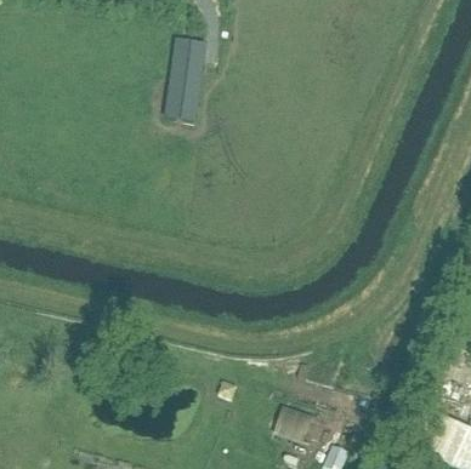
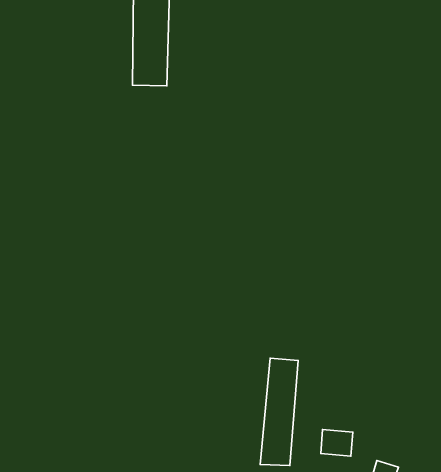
building: none -> [260,358,298,466]

